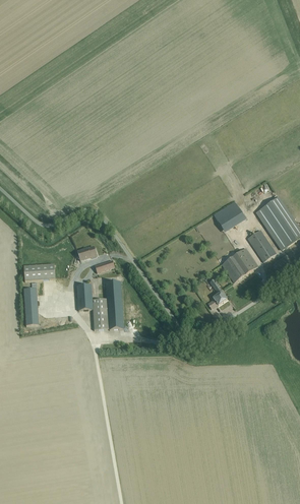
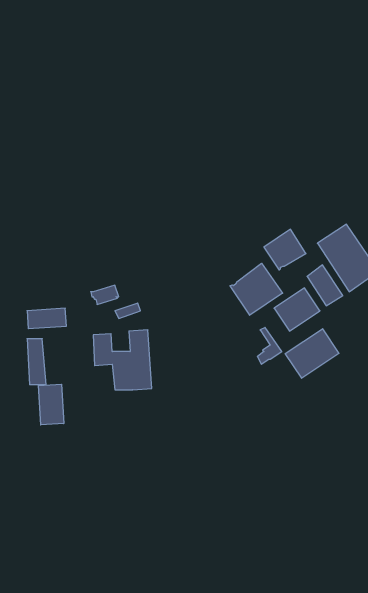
building: none -> [230,263,283,315]
building: none -> [285,329,339,378]
building: none -> [39,384,64,425]

